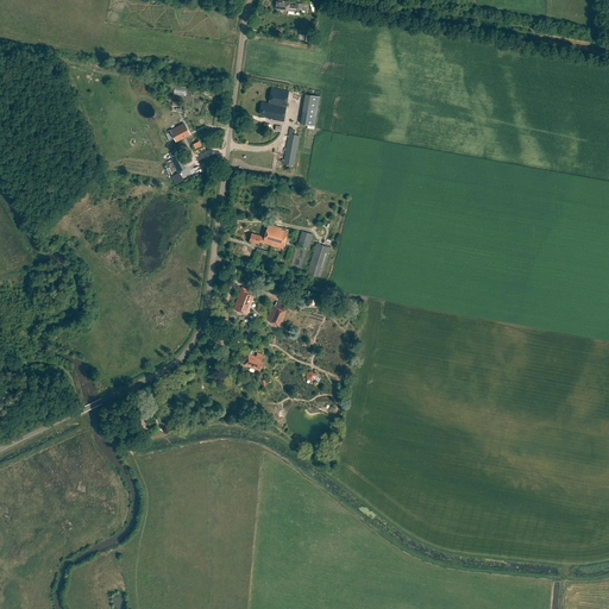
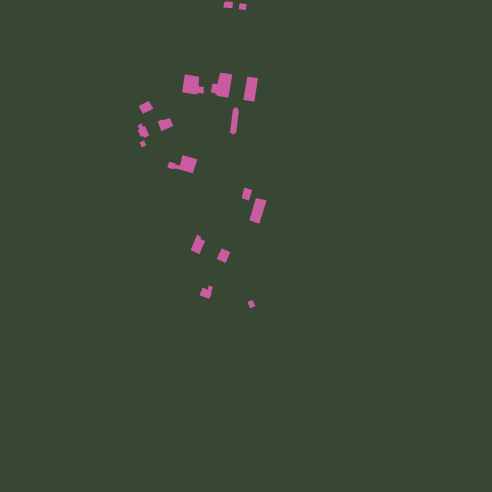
building: none -> [181,73,205,95]
building: [249,225,288,249] -> [167,154,198,174]

